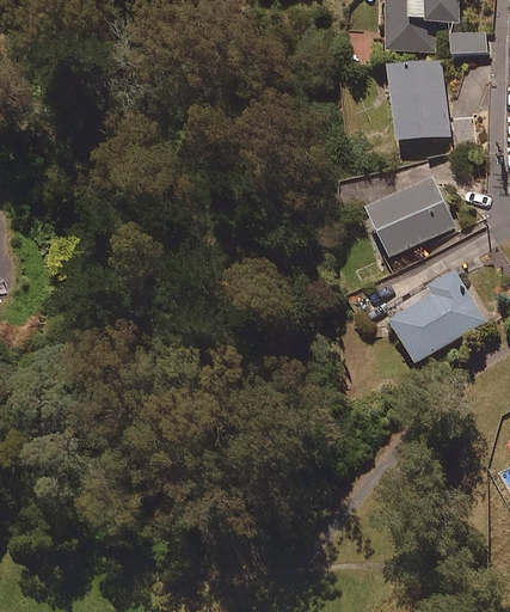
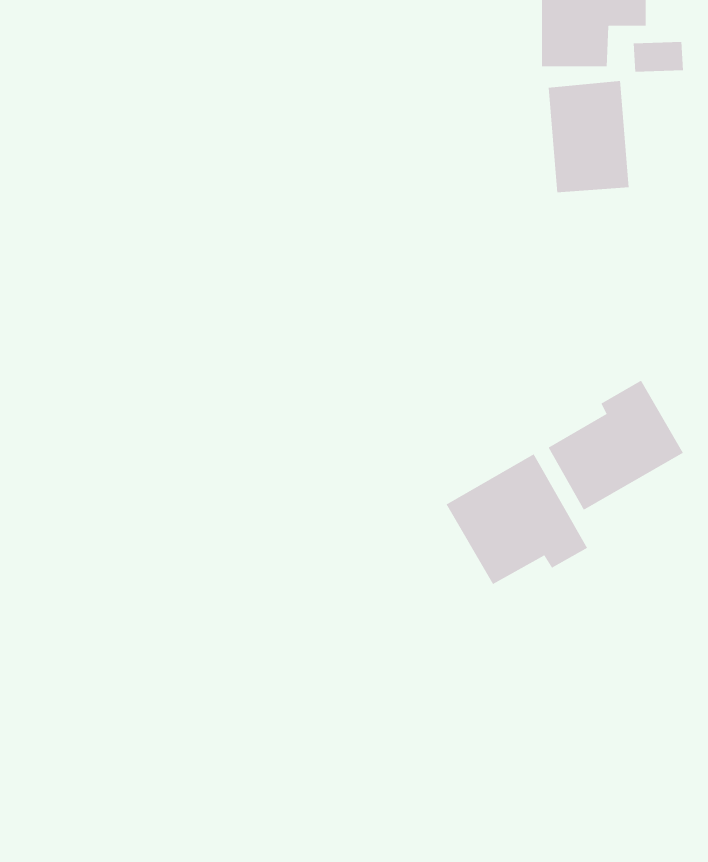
building: [367,178,454,256] -> none
building: none -> [446,454,588,585]

